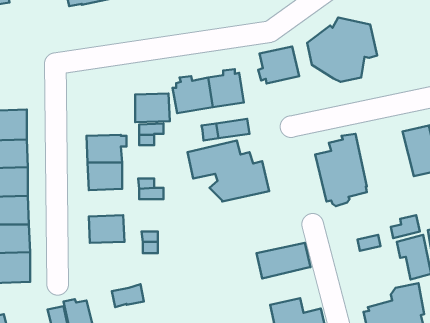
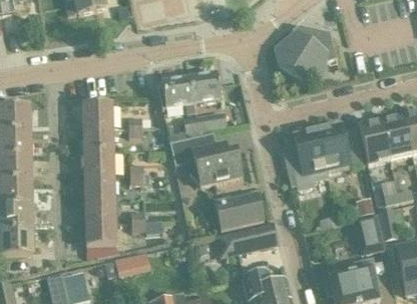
building: [258,46,299,83] -> none
building: [135,93,170,122] -> [82,102,112,127]
building: none -> [317,122,364,172]
building: none -> [84,174,114,198]
building: none -> [214,193,265,229]
building: none -> [85,220,115,246]

